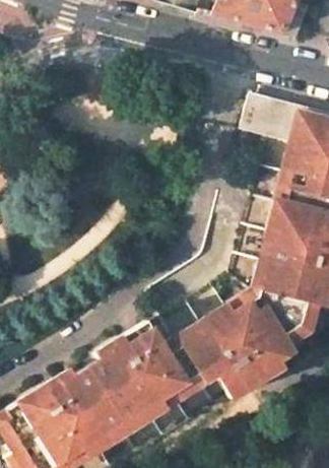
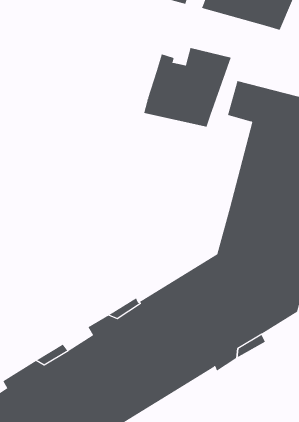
building: none -> [143,47,232,128]

